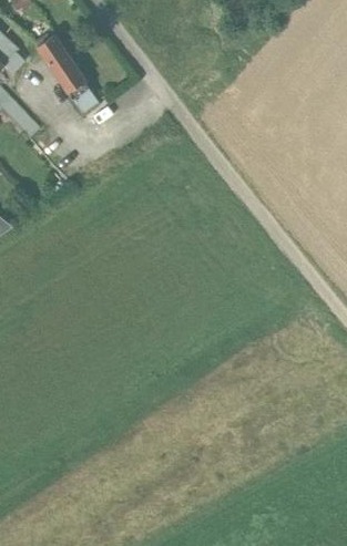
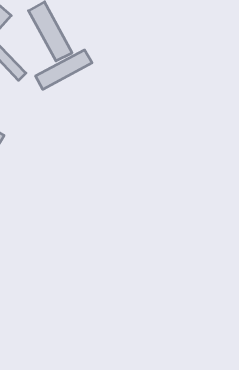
building: none -> [36,50,92,89]

